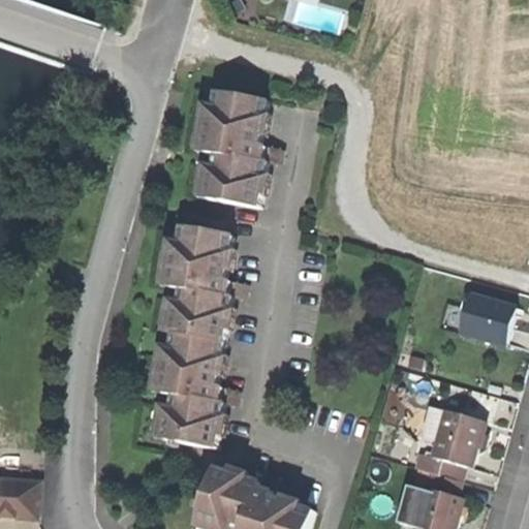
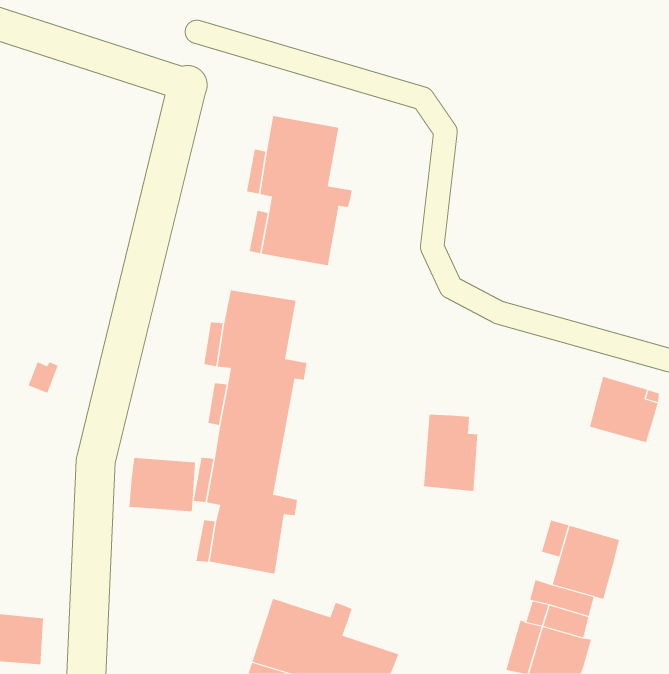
building: none -> [423,414,478,492]
building: none -> [129,457,196,512]

